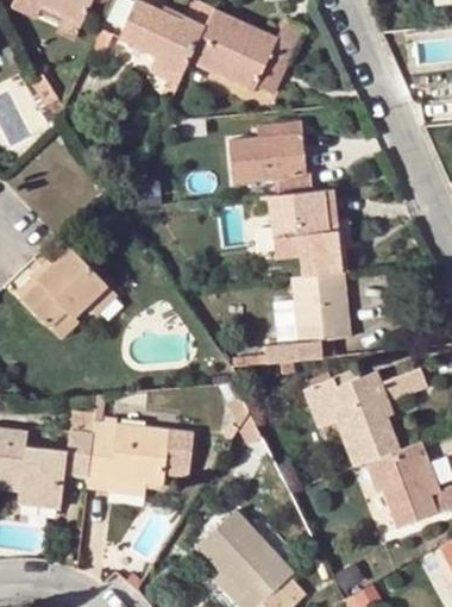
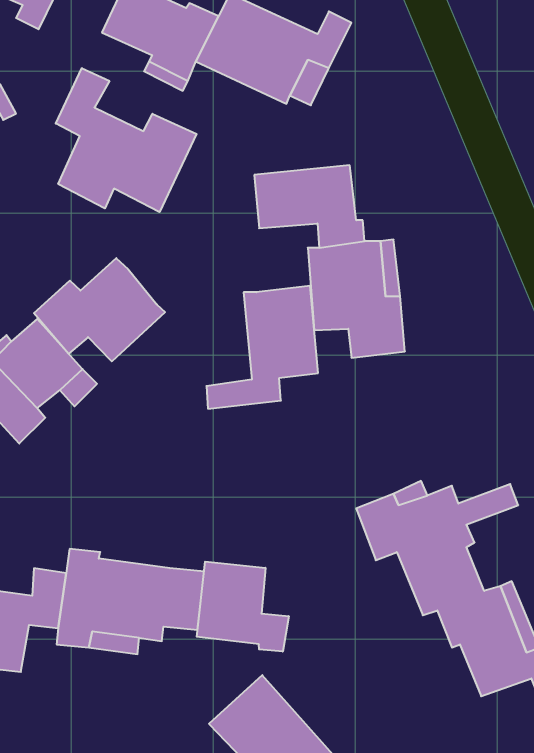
building: none -> [56,68,197,212]
building: none -> [34,258,165,361]
building: [265,271,347,362] -> [206,286,318,409]
building: none -> [197,562,289,652]

